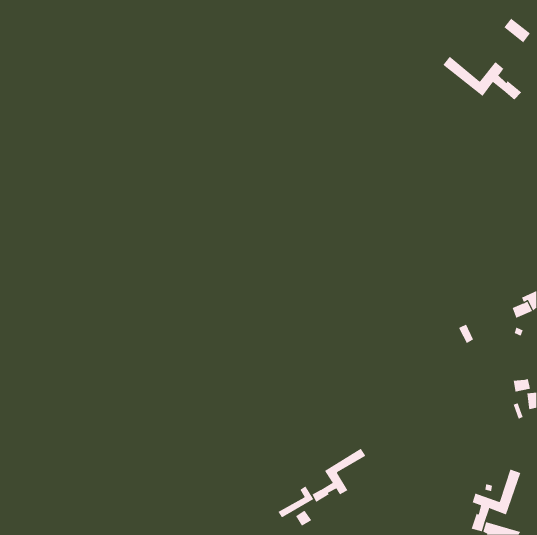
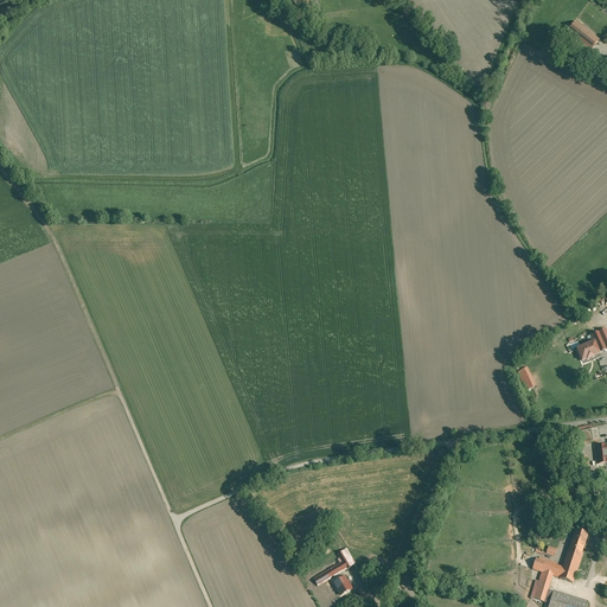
building: [442,56,522,101] -> none
building: [312,448,366,503] -> none

